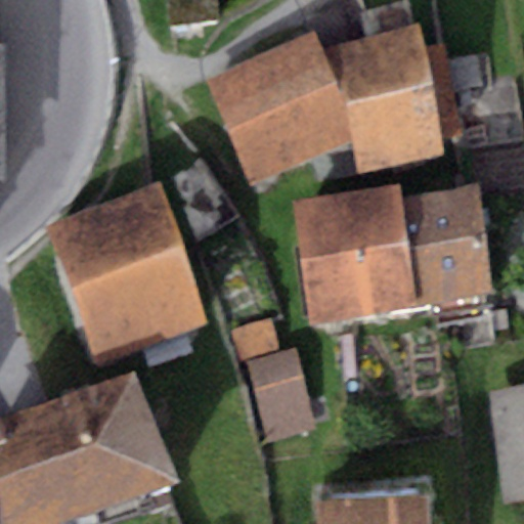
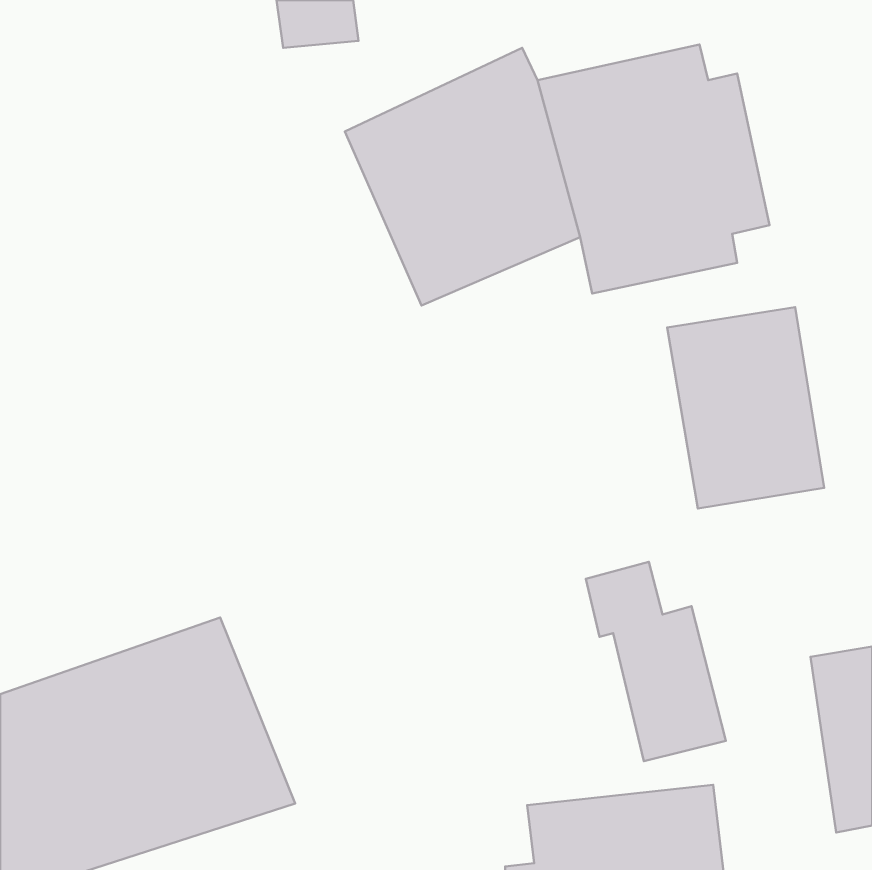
building: [291,184,419,323] -> none
building: [50,196,206,360] -> none
building: [232,321,316,441] -> [586,562,726,761]

